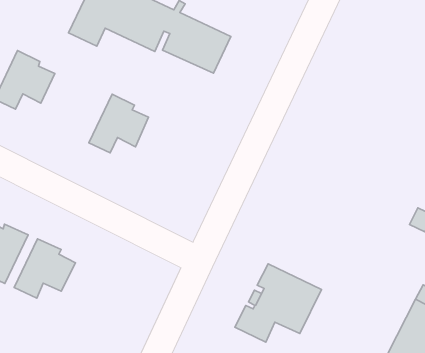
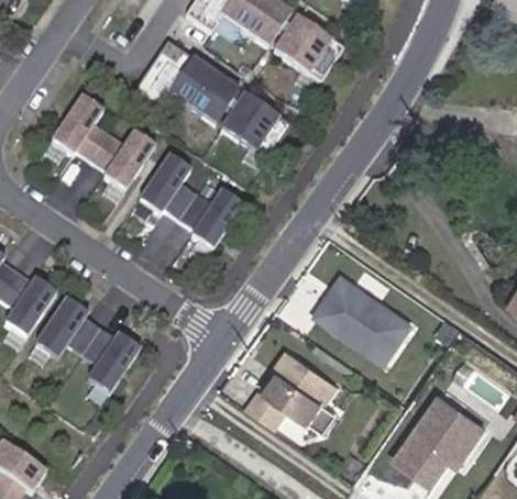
building: none -> [88,131,146,197]
building: none -> [176,189,234,255]
building: none -> [317,280,411,365]
building: none -> [79,323,138,388]

